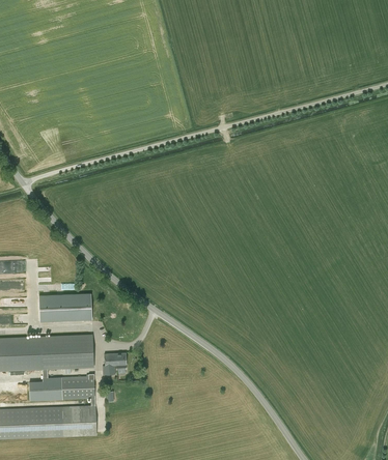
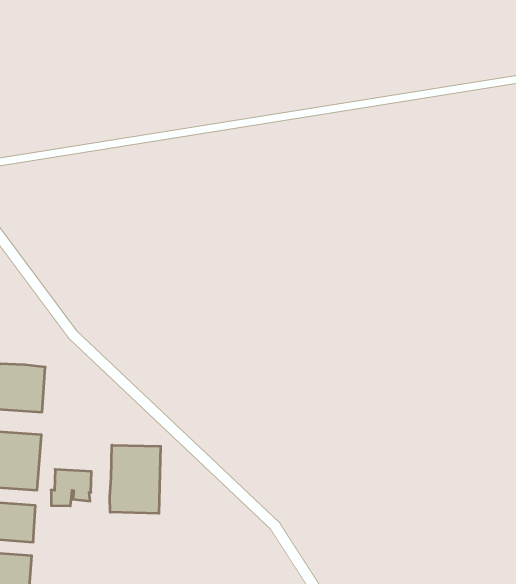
building: none -> [110,445,161,513]

